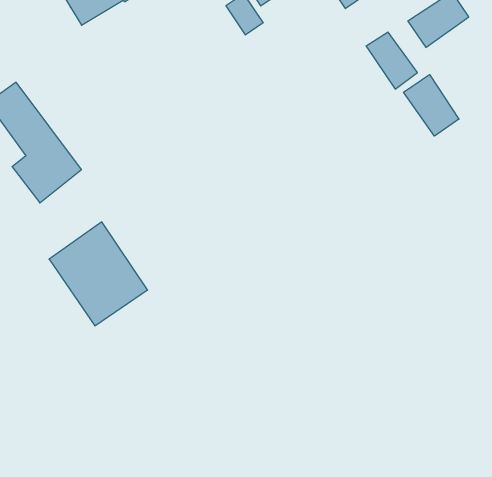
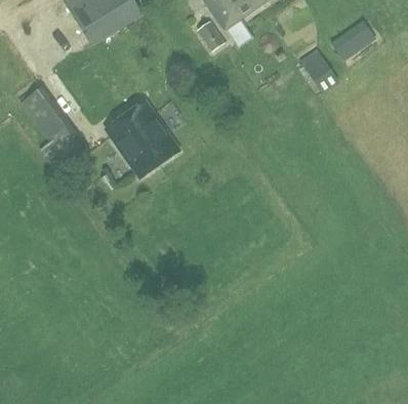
building: [404,75,459,136] -> none
building: [49,222,148,326] -> [106,100,178,177]

